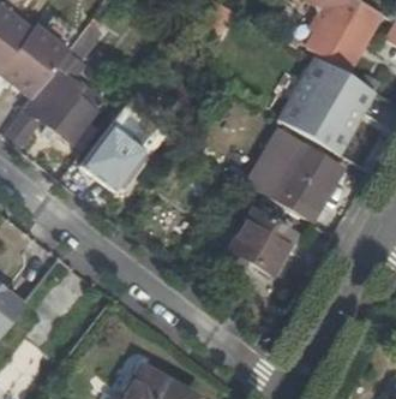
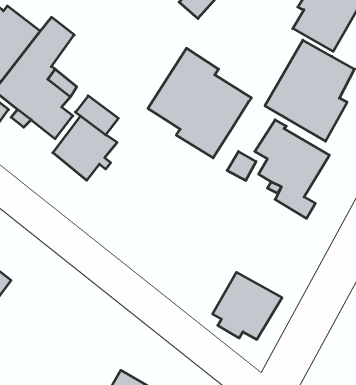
building: none -> [148,48,251,158]
building: [227,208,293,272] -> [213,272,282,339]

